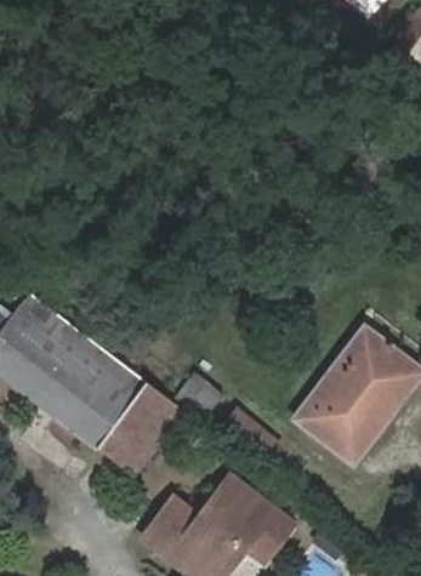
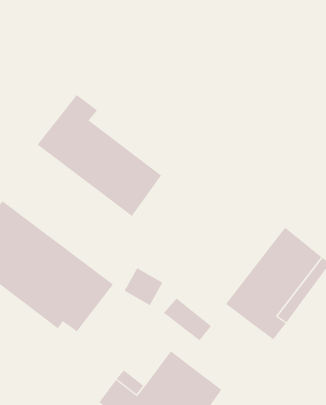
building: none -> [37,94,162,217]
building: [95,394,184,478] -> none

